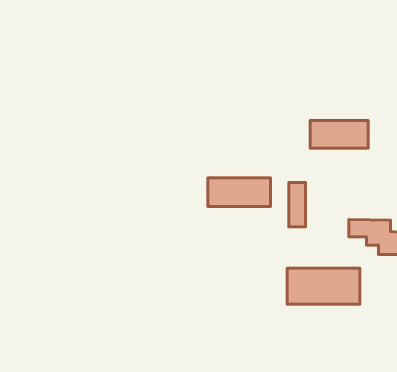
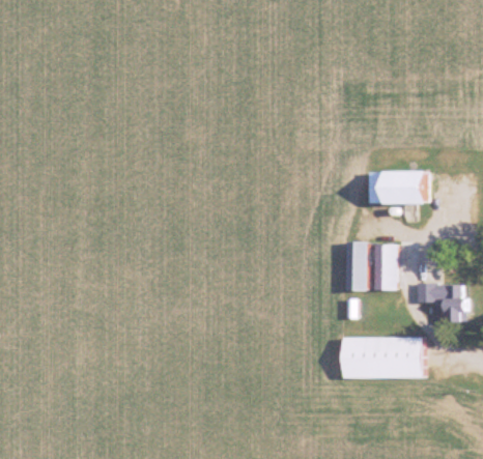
building: [208,178,270,206] -> none
building: none -> [373,246,393,289]

